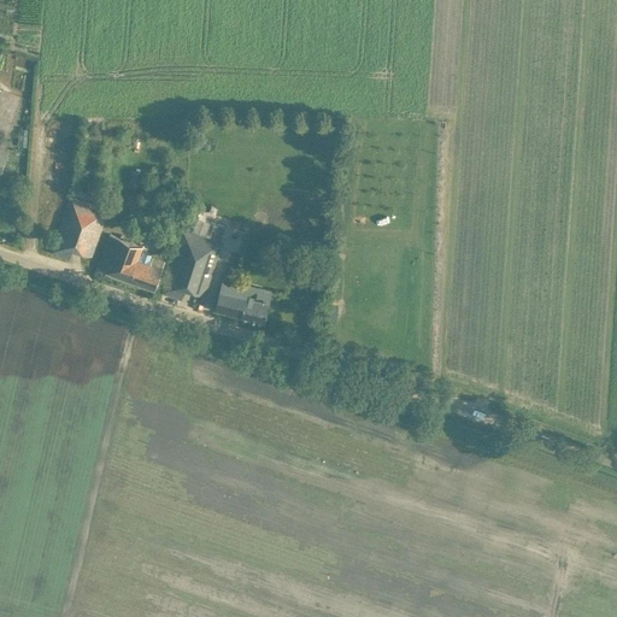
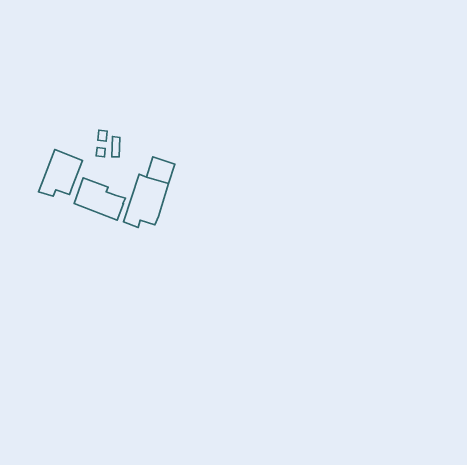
building: [216,282,274,327] -> none

